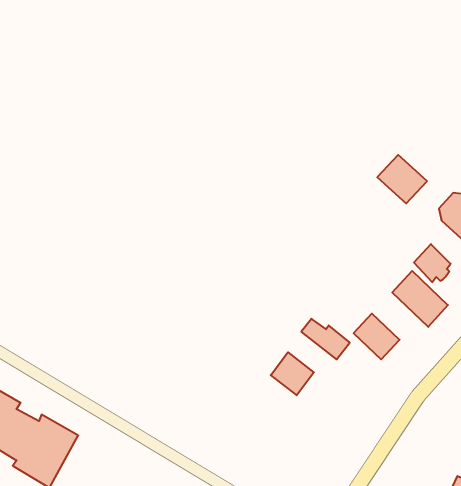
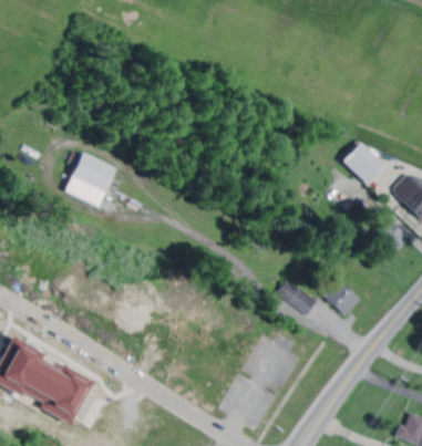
building: none -> [66,152,115,200]
building: [392,271,448,327] -> none
building: [271,352,314,395] -> none

